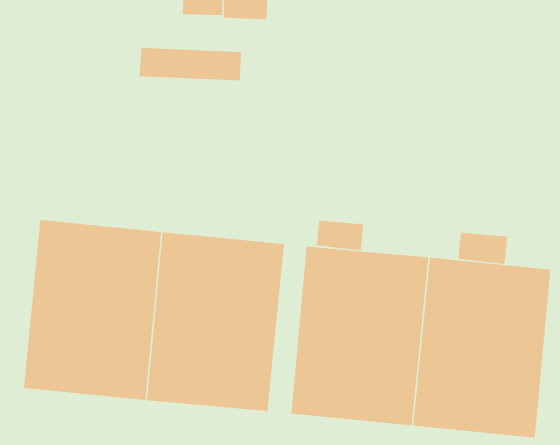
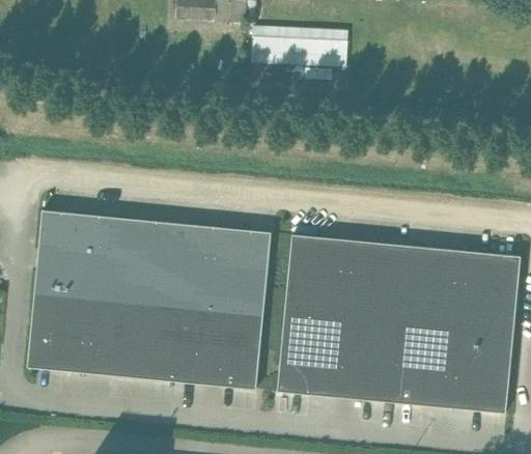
building: [139,48,242,81] -> [251,35,347,66]
building: [316,220,364,251] -> none
building: [458,232,508,265] -> none

